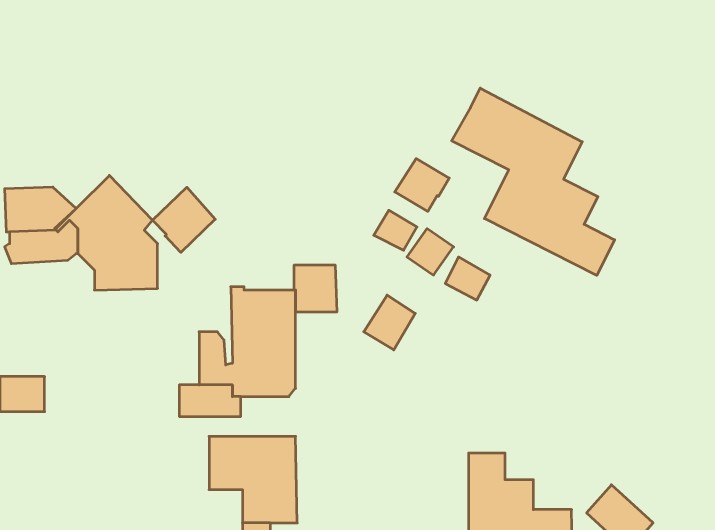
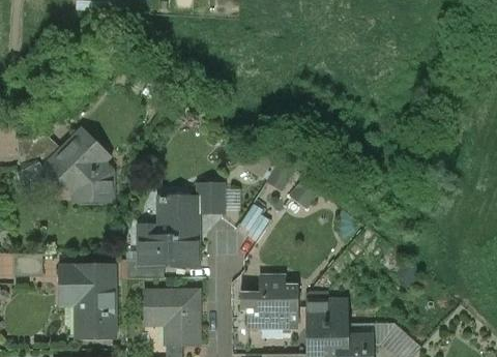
building: [452,88,615,275] -> none
building: [395,159,449,211] -> none
building: [153,187,215,252] -> none
building: none -> [63,266,113,336]
building: none -> [240,275,297,328]

